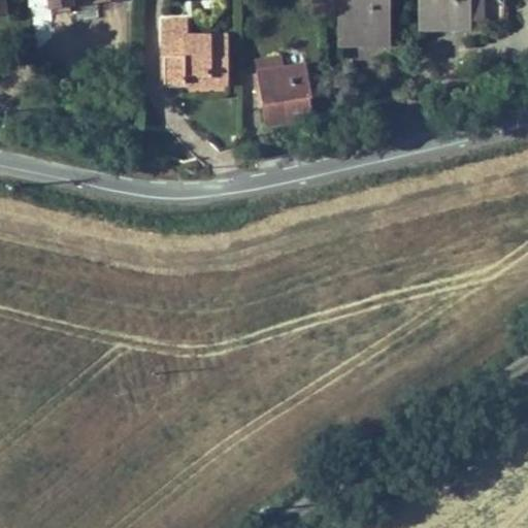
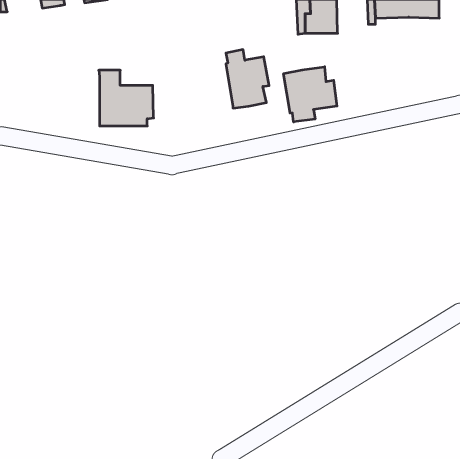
building: [163,20,226,84] -> [99,70,154,126]
building: none -> [284,67,337,122]

